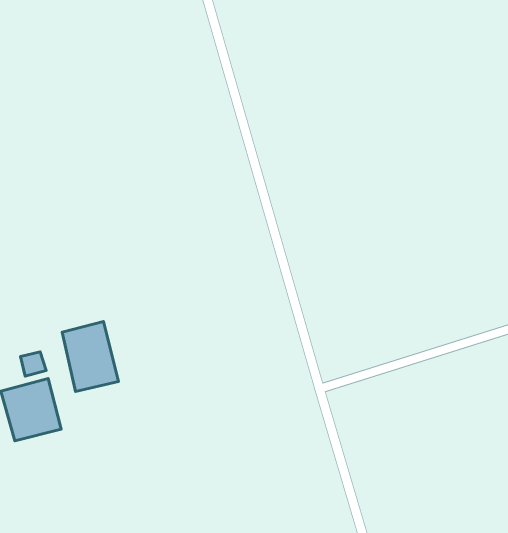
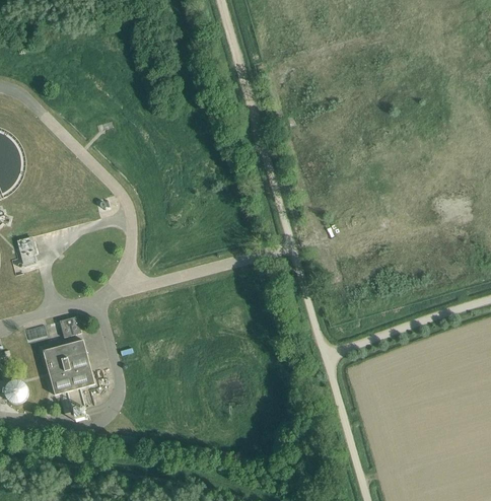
building: [62,322,119,392] -> none

